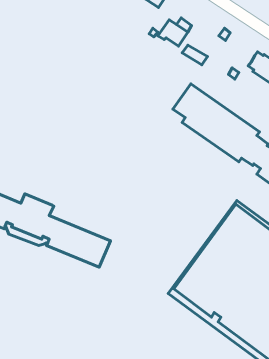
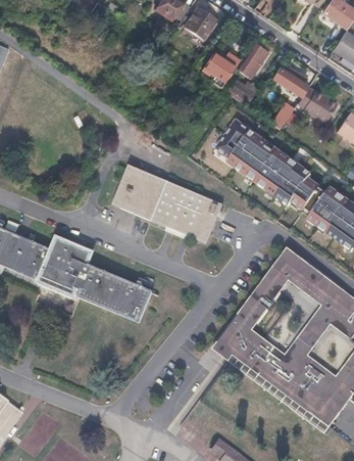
building: none -> [238,42,269,78]
building: none -> [281,66,313,94]
building: none -> [112,165,222,244]

